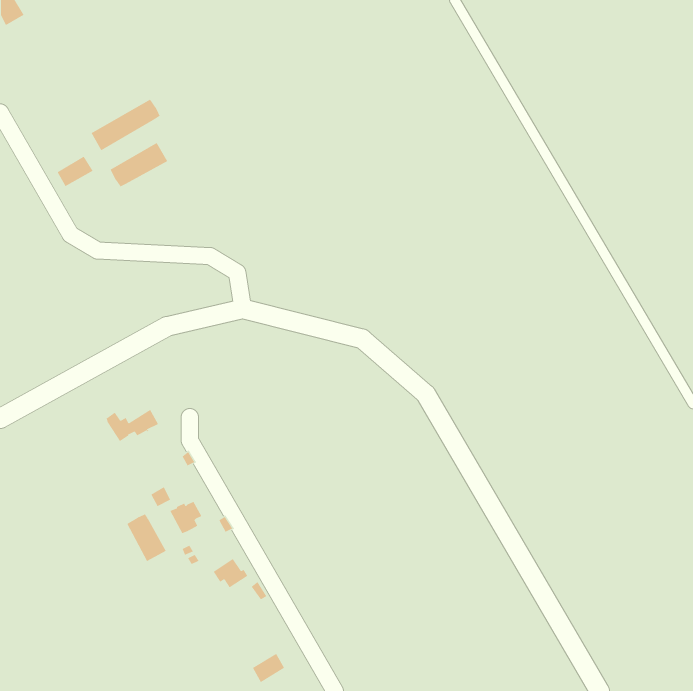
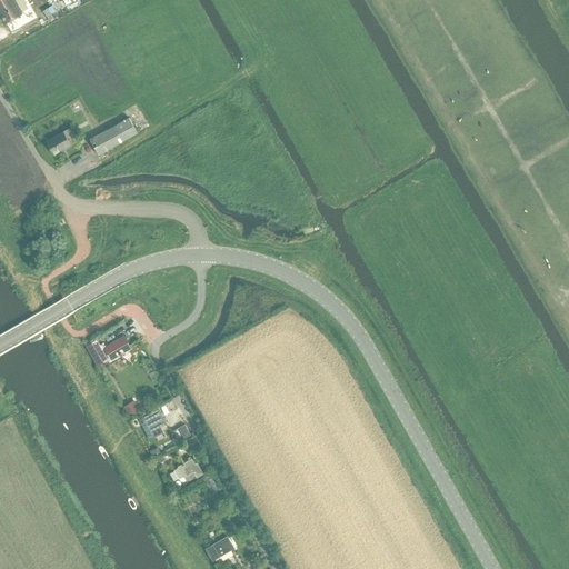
building: [91,99,161,151] -> none
building: [126,513,166,562] -> none

